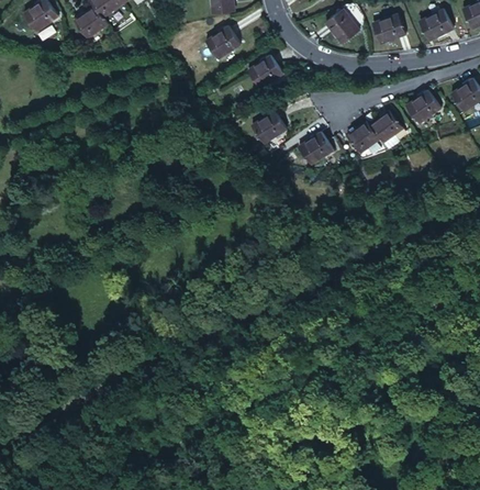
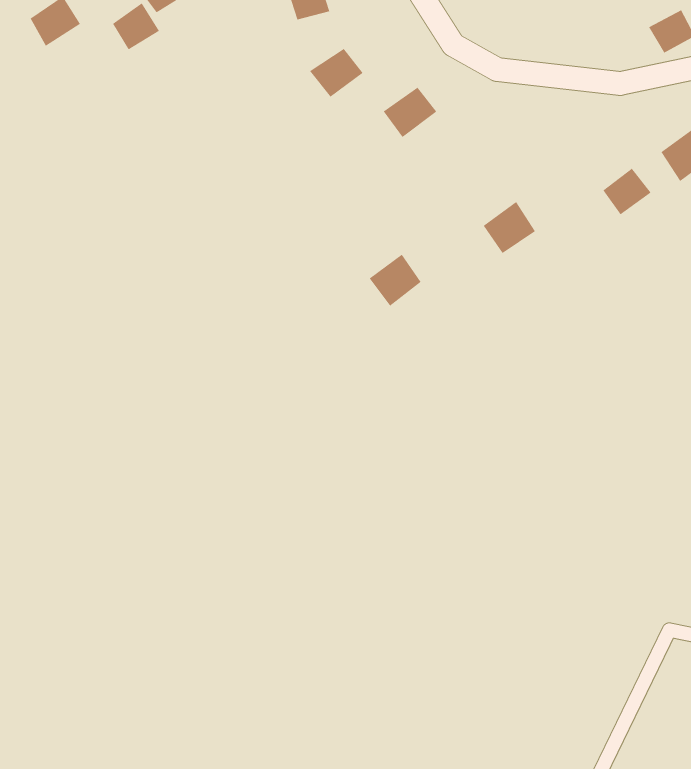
building: [321,11,349,42] -> none
building: [377,19,408,48] -> none
building: [257,105,290,138] -> [369,254,422,307]
building: [360,118,393,151] -> none

